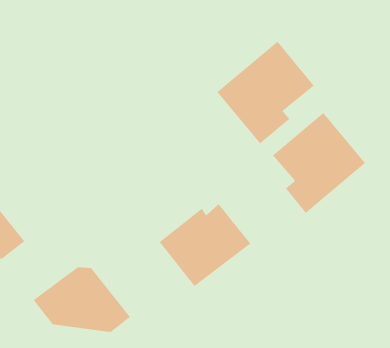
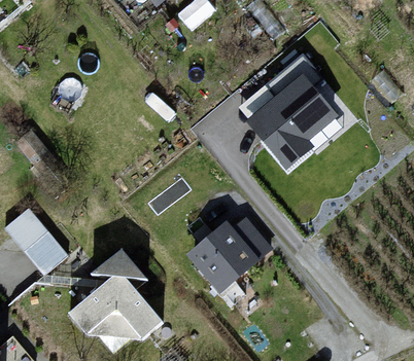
building: [272,112,366,214] -> none
building: none -> [90,249,148,282]

